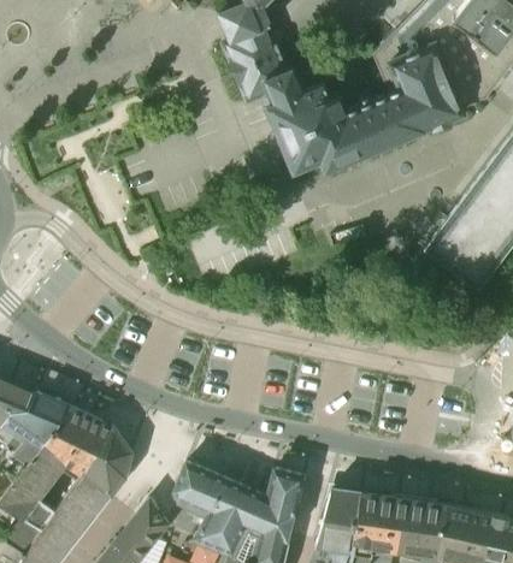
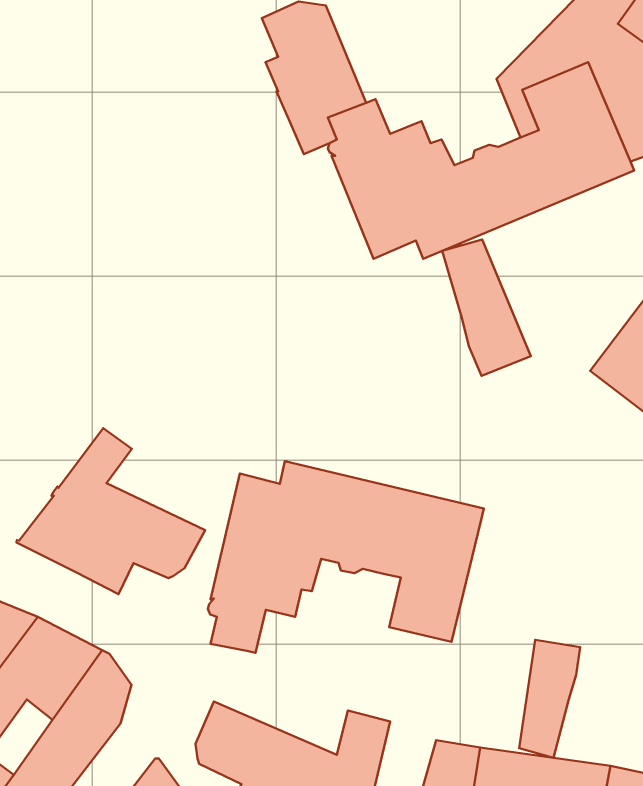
building: none -> [442,239,531,376]
building: none -> [17,428,205,594]
building: none -> [208,461,484,653]
building: none -> [519,640,580,758]

